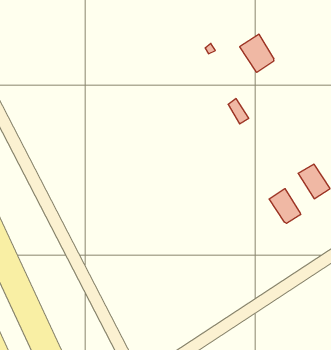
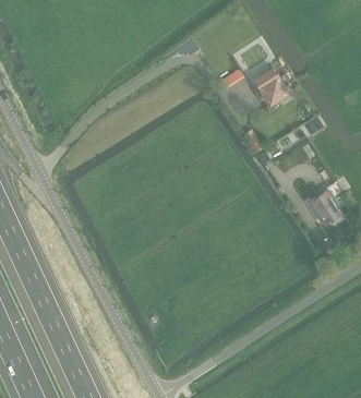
building: [269,189,301,223] -> none

